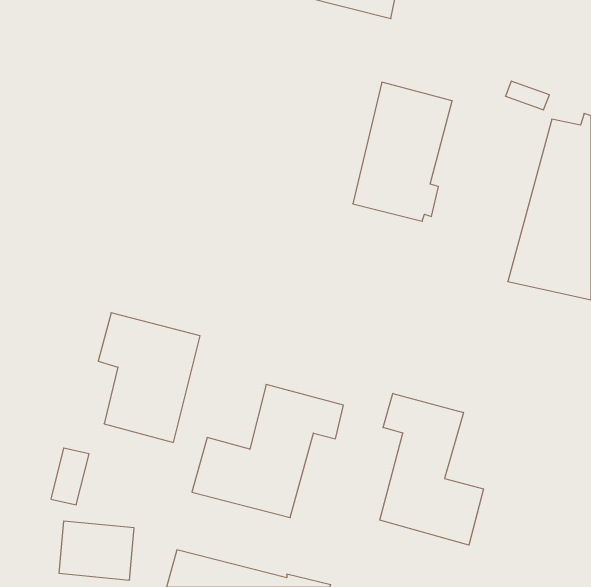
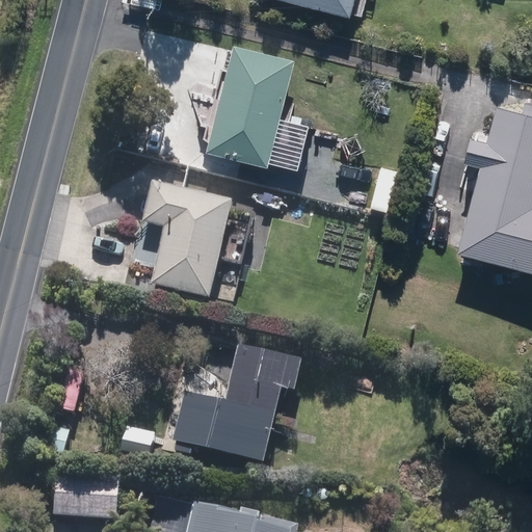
building: [353,82,452,221] -> [207,43,296,167]
building: [98,313,200,442] -> [144,185,236,301]
building: [380,393,484,545] -> none

